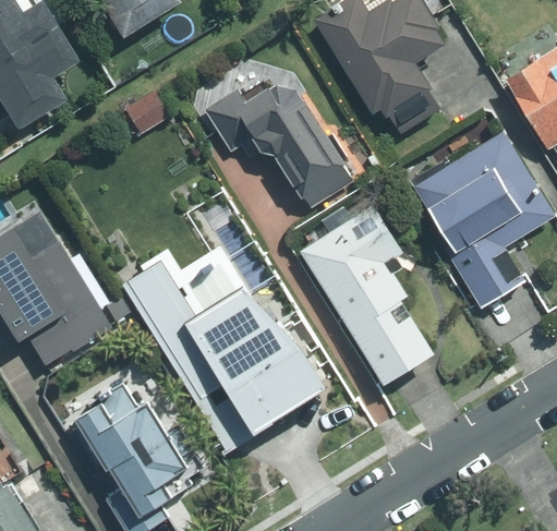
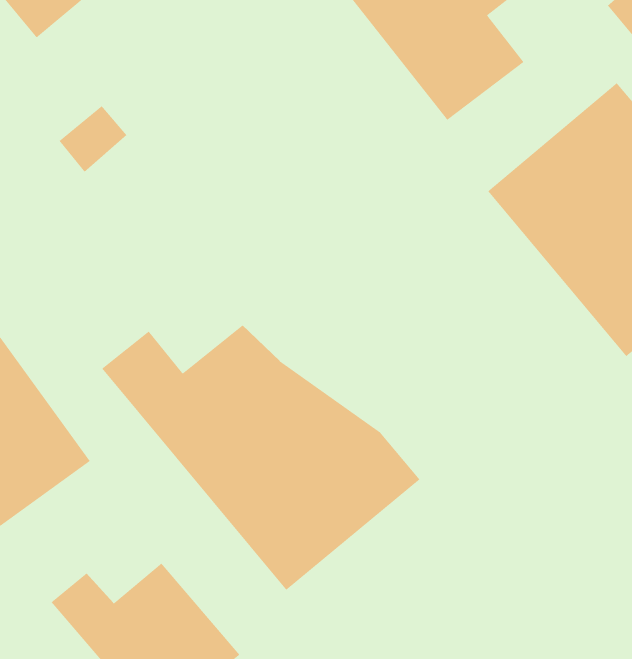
building: [214,81,346,198] -> none
building: [293,208,434,394] -> none

